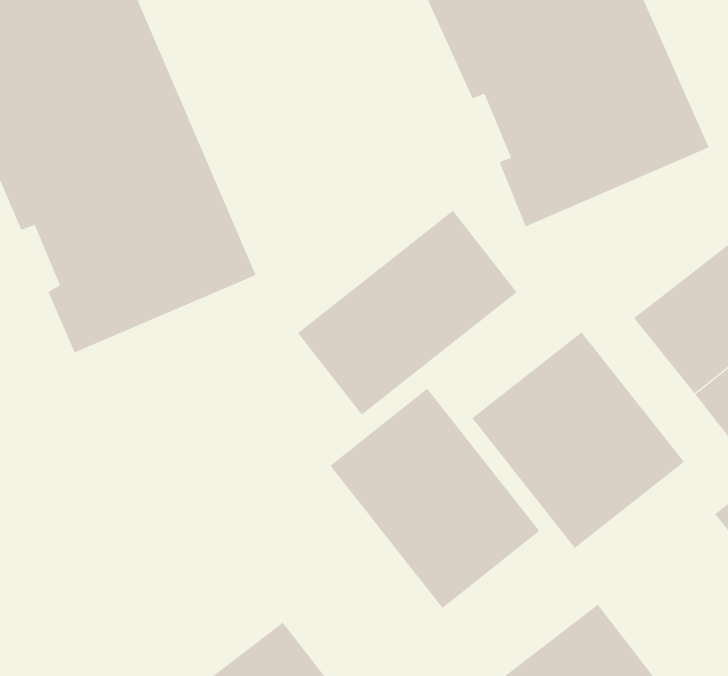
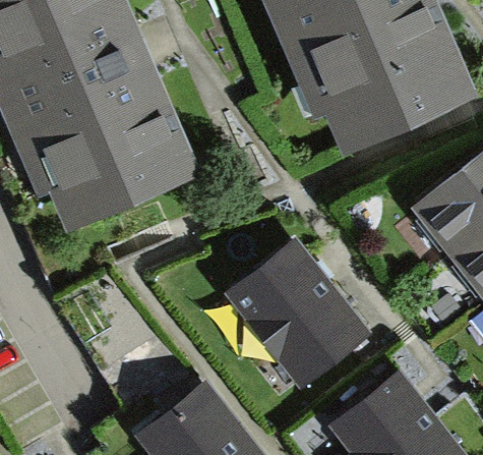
building: [297,210,518,416] -> none
building: [471,331,685,549] -> none

